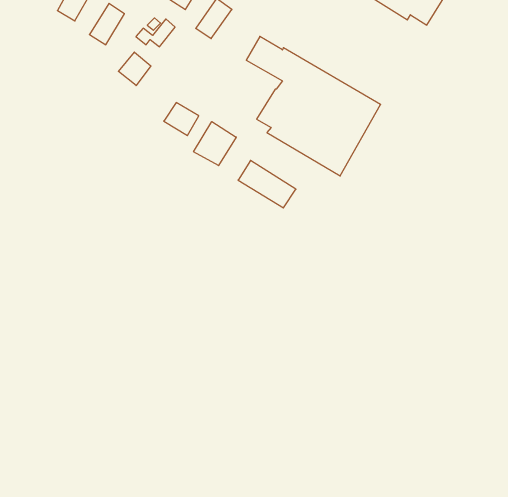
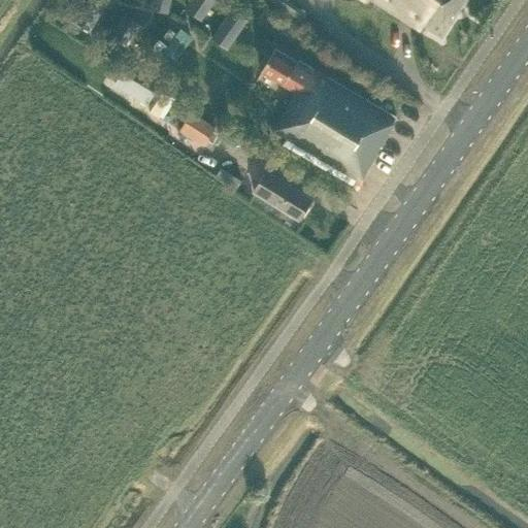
building: [118,52,151,86] -> none
building: [194,122,236,166] -> none

